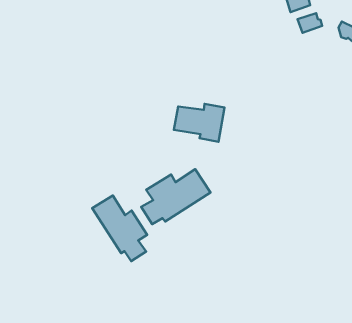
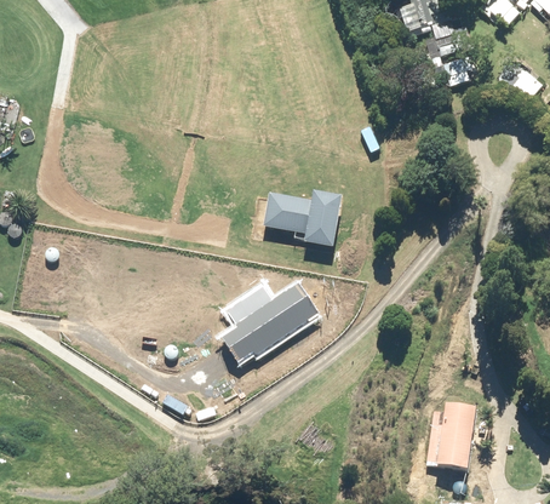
building: [92,196,147,261] -> none
building: none -> [424,400,487,479]

